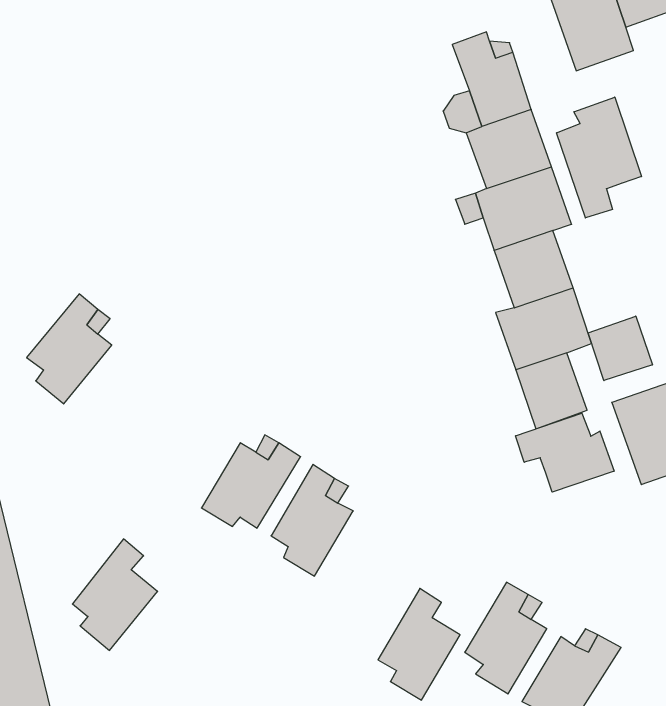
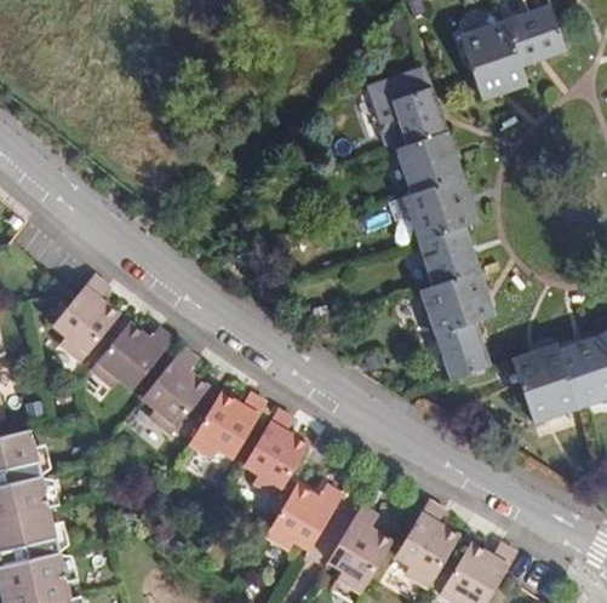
building: [557,97,641,218] -> none
building: [588,316,652,381] -> none
building: none -> [91,323,173,390]
building: [516,413,614,492] -> none
building: [72,539,158,650] -> [142,348,208,435]
building: none -> [265,486,343,551]

